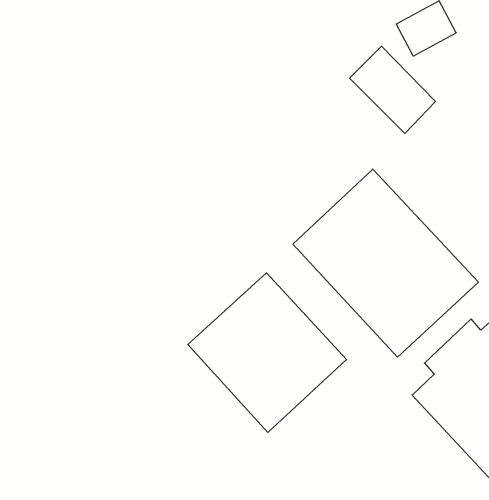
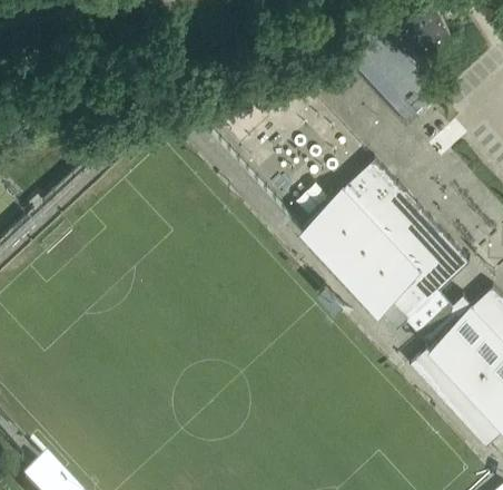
building: [188,273,347,432] -> none

